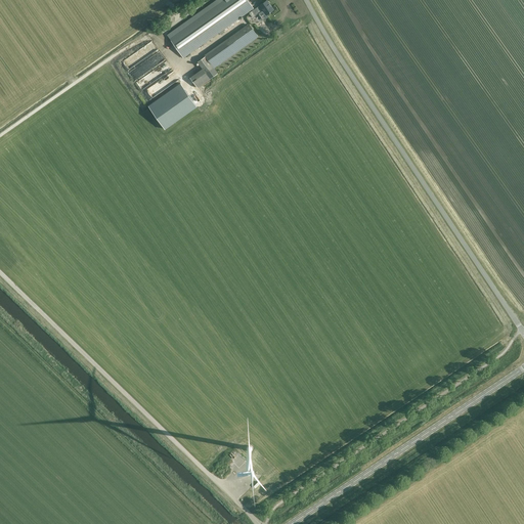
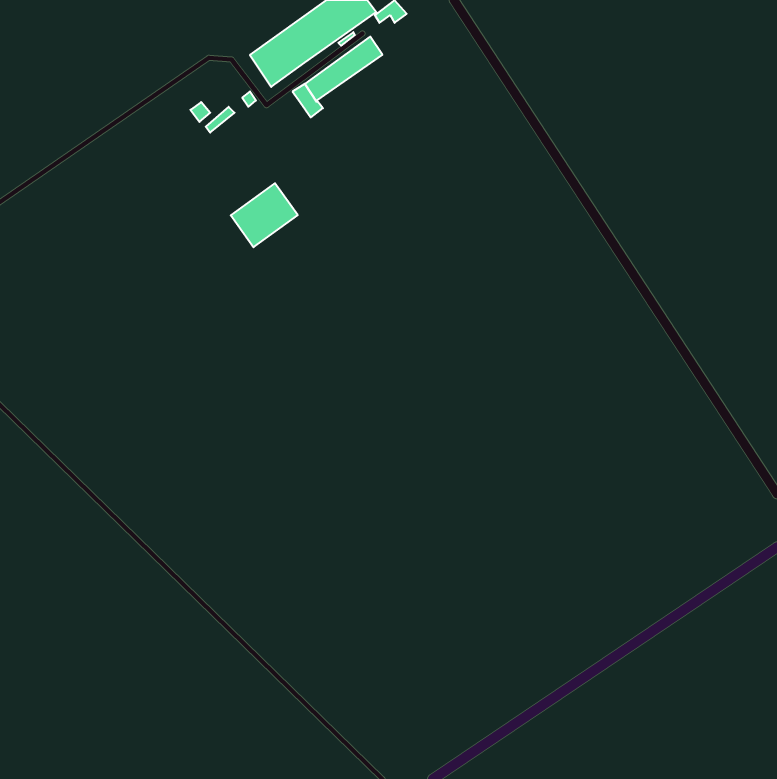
building: [147,78,192,121] -> [231,183,298,247]

